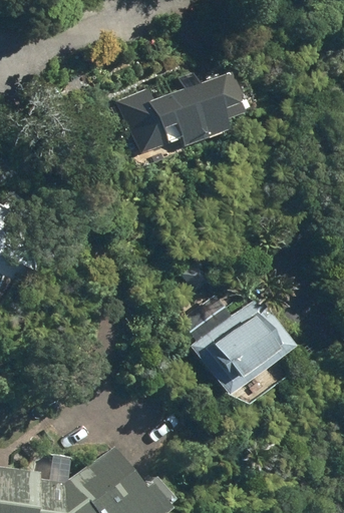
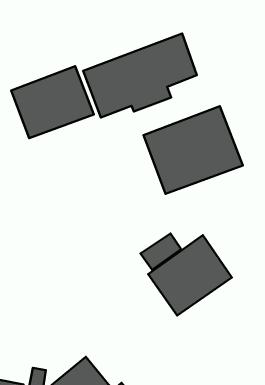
building: none -> [11,66,94,138]
building: none -> [143,106,243,194]

